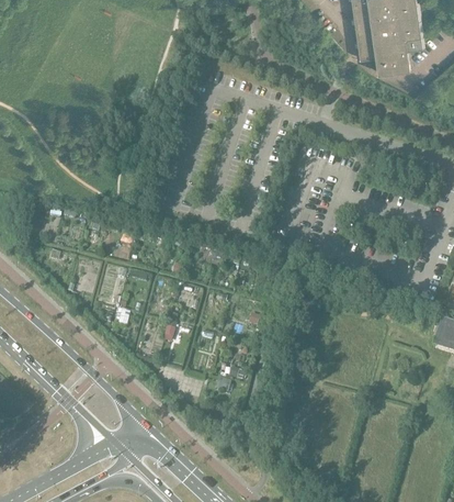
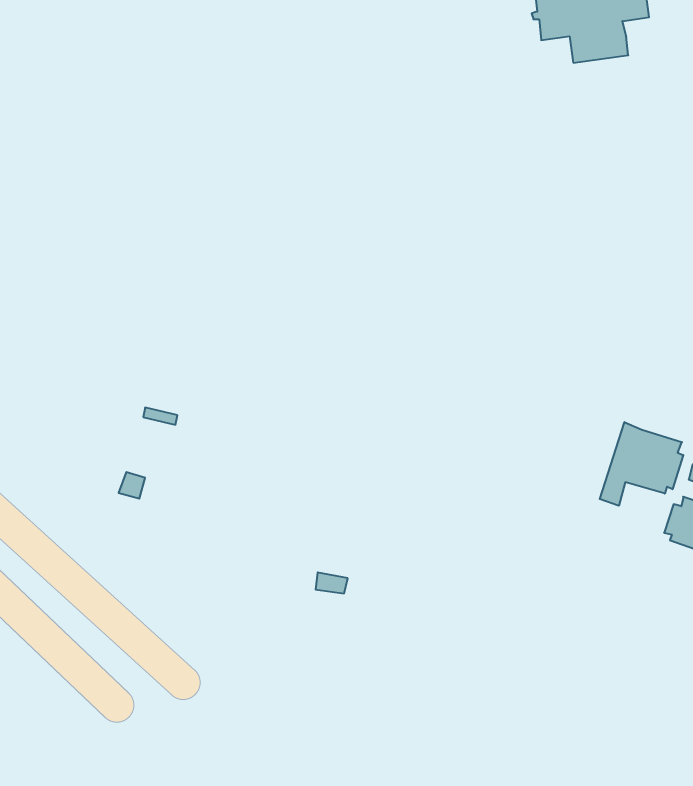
building: none -> [600,422,683,506]

